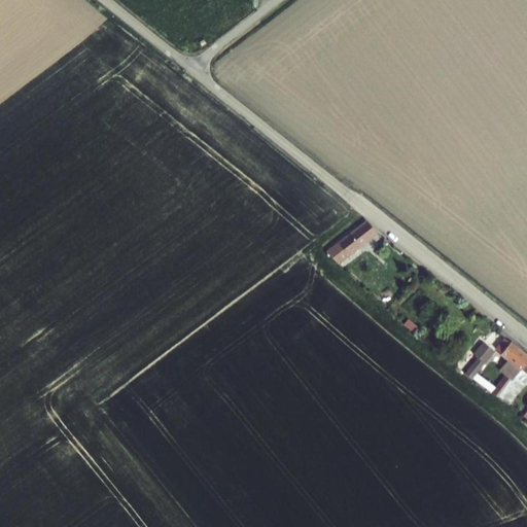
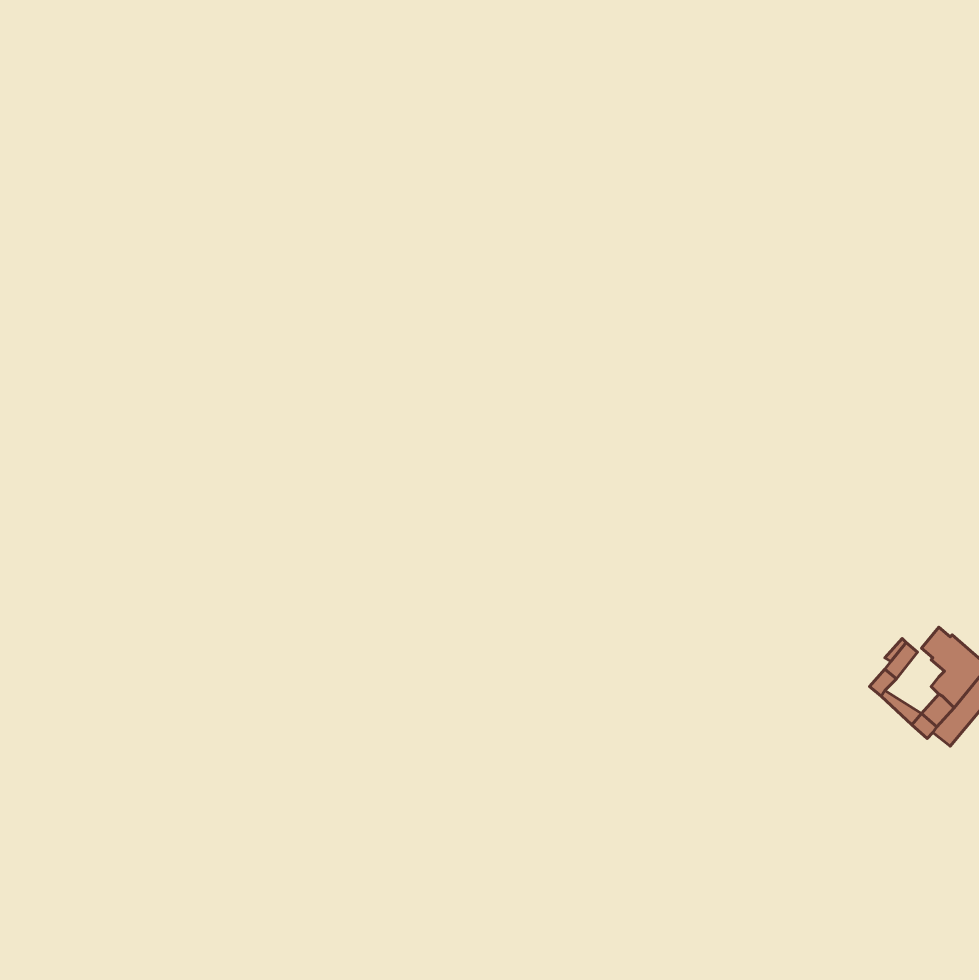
building: [327,222,377,262] -> none

